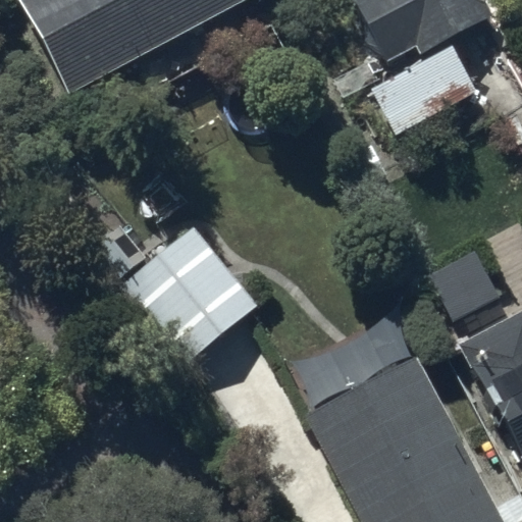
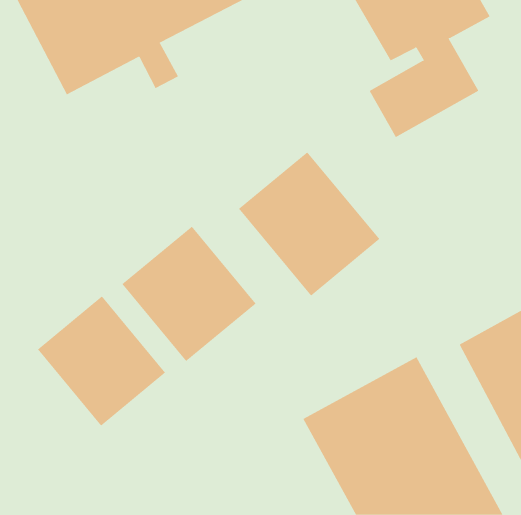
building: none -> [238,151,380,296]
building: none -> [37,295,166,427]

